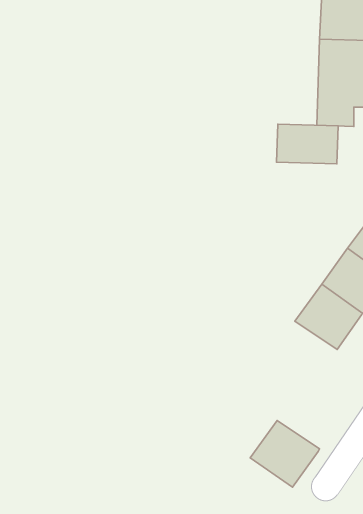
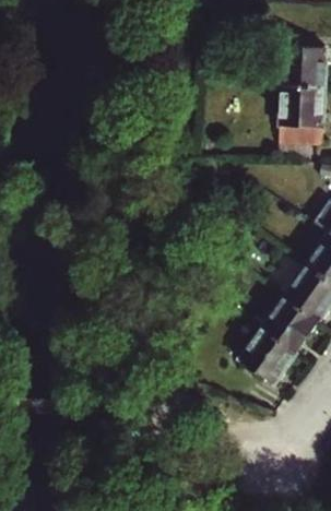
building: [276,124,338,164] -> none
building: [250,421,319,487] -> [238,324,297,381]

